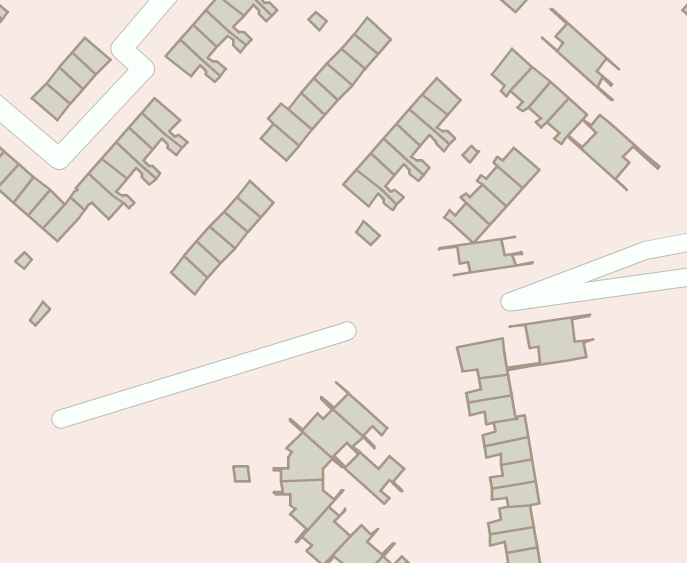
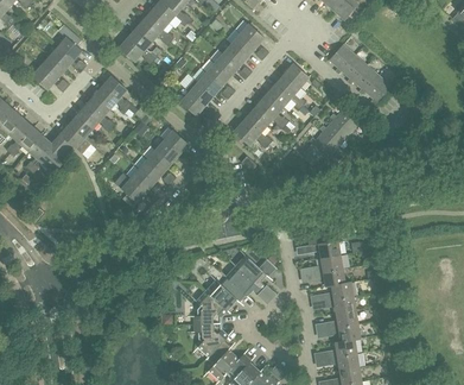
building: [542,9,619,100] -> none
building: [567,115,659,190] -> none
building: [439,237,533,275] -> none
building: [507,315,593,371] -> none
building: [333,452,404,504] -> [228,257,274,290]

